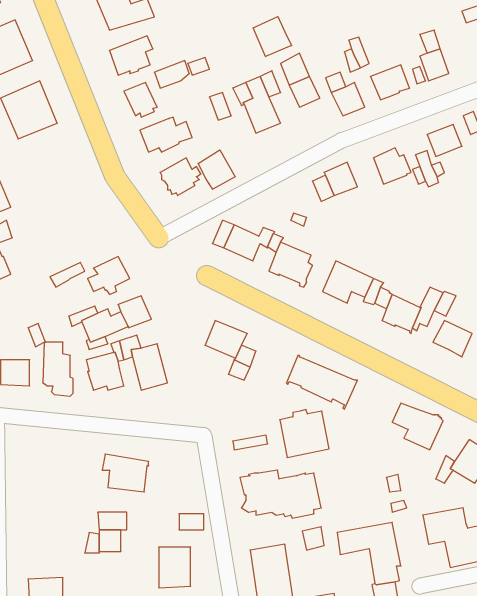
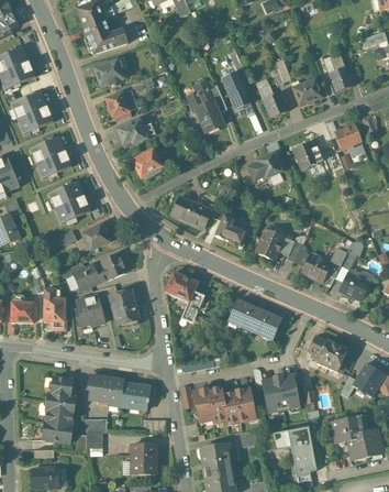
building: [253,17,292,57] -> none
building: none -> [29,135,73,179]
building: [198,150,235,189] -> none
building: none -> [48,182,91,225]
building: [280,410,329,458] -> [260,373,298,409]
building: none -> [43,376,73,442]
building: none -> [120,383,149,409]

